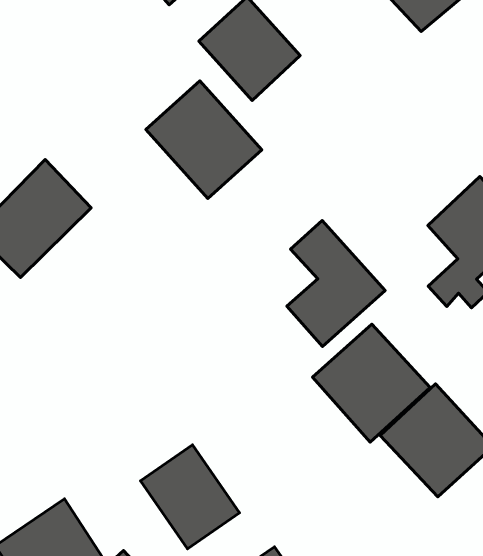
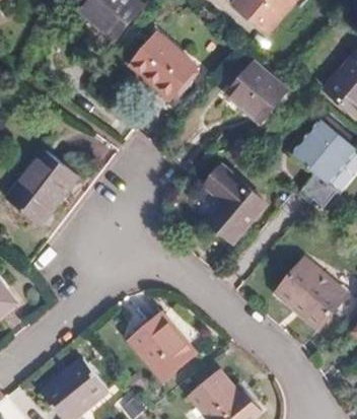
building: none -> [223,66,284,126]
building: [146,81,262,198] -> none
building: [312,324,430,442] -> none

